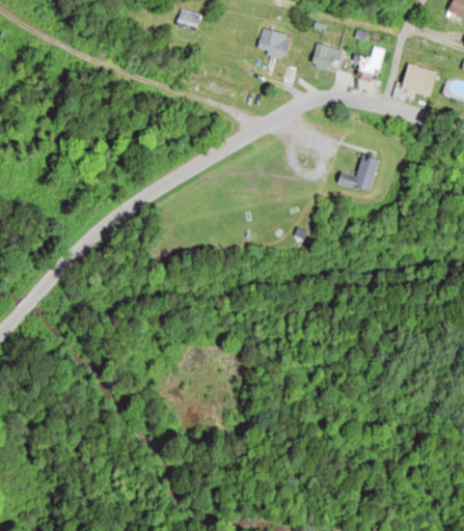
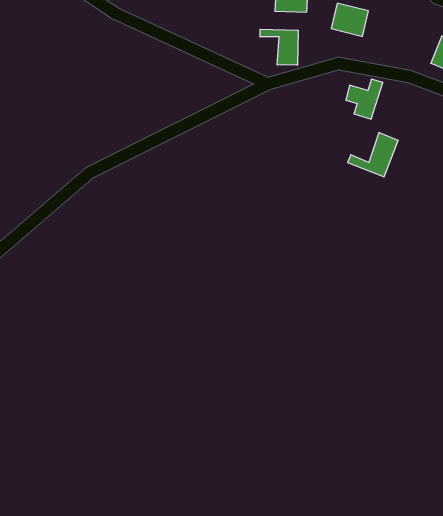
building: [353,46,384,81] -> [346,79,383,119]
building: none -> [260,29,298,65]

